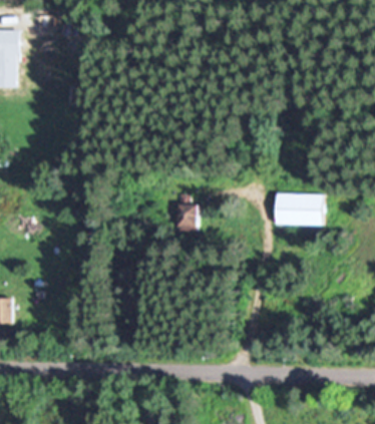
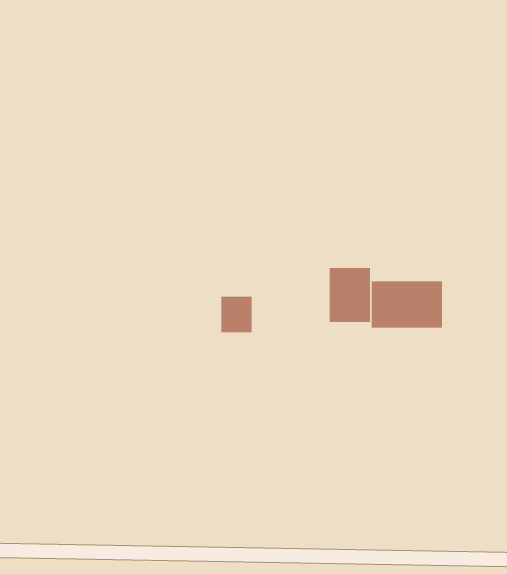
building: none -> [329,267,371,323]

